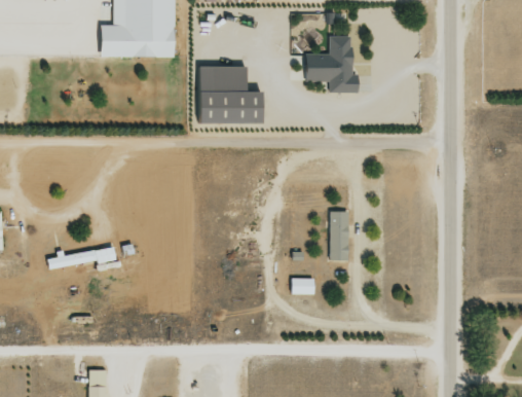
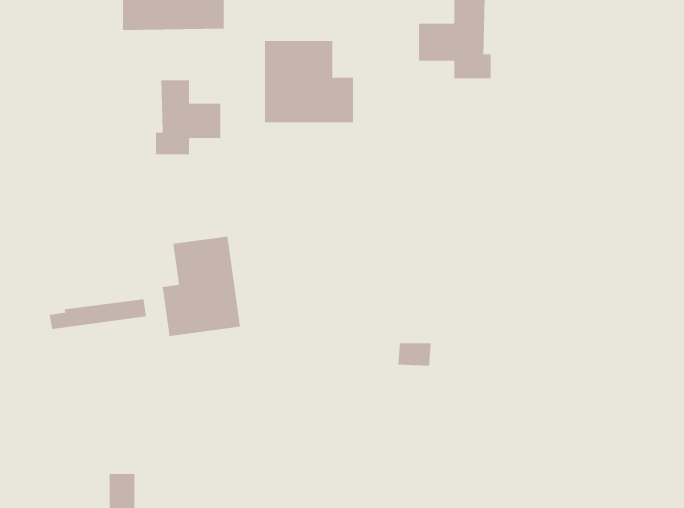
building: none -> [156,79,221,155]
building: none -> [162,236,240,337]
building: [331,210,350,259] -> none

